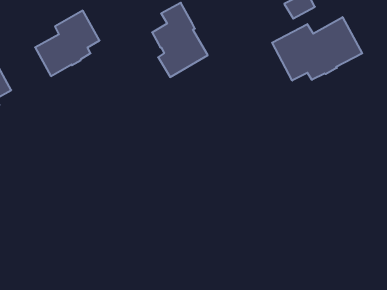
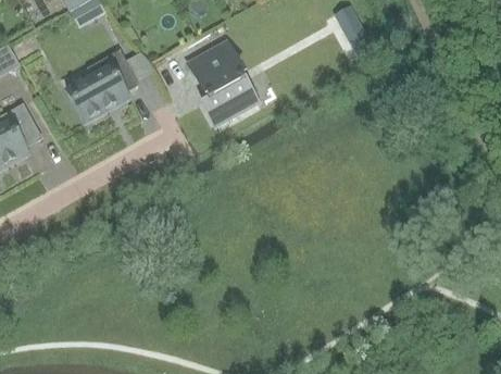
building: [272,17,362,81] -> none

